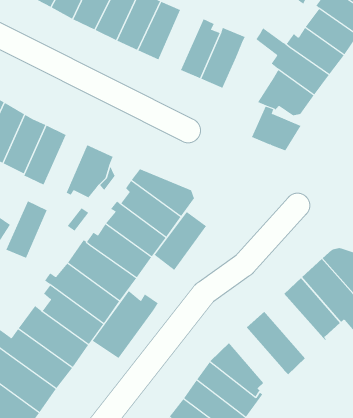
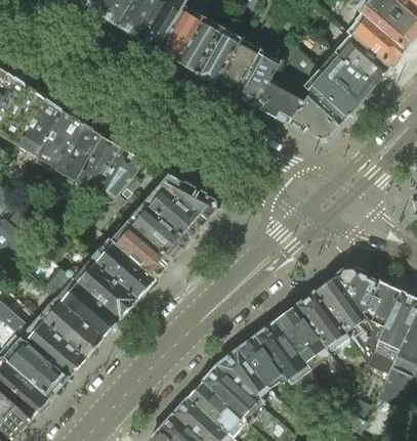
building: none -> [196,27,242,84]
building: [251,106,302,151] -> [254,77,303,122]
building: [5,200,48,258] -> [75,135,119,190]
building: [154,211,207,271] -> none
building: [92,290,158,359] -> none
building: none -> [274,307,329,370]
building: none -> [237,336,286,390]

